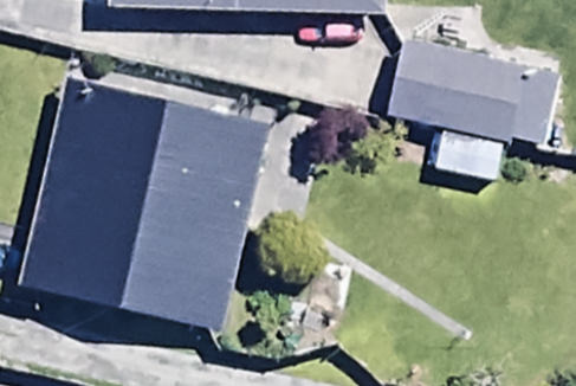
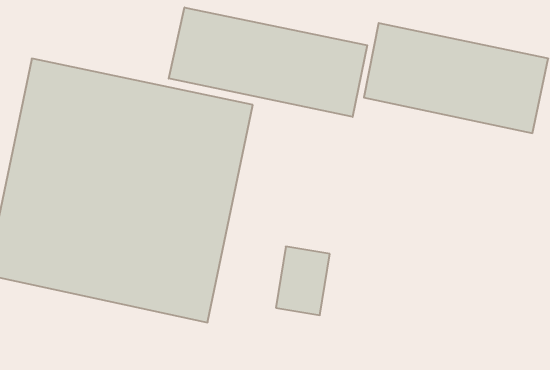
building: none -> [169,7,367,117]

